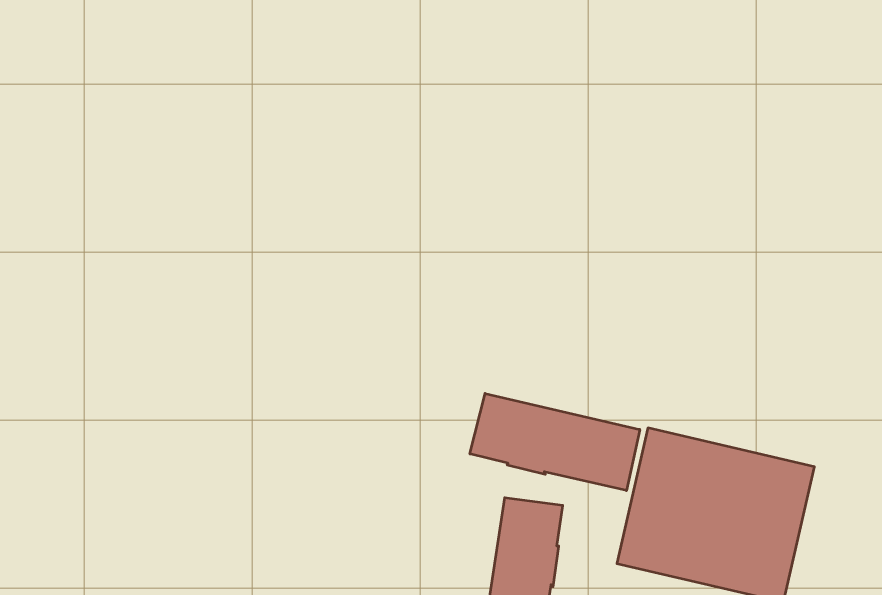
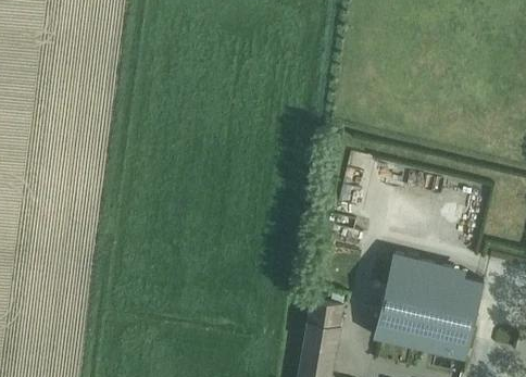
building: [470,393,640,491] -> none

